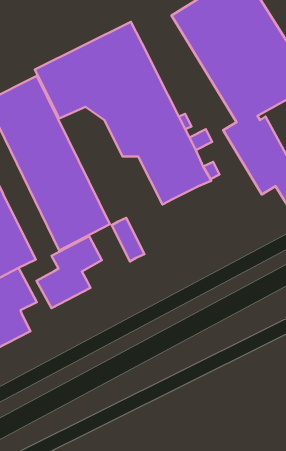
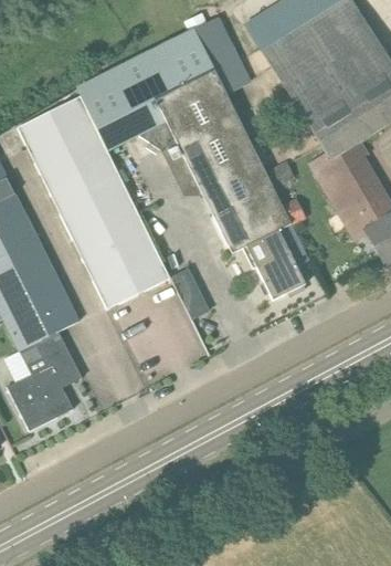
building: none -> [194,17,252,93]
building: none -> [246,224,310,300]
building: [37,236,102,308] -> none

